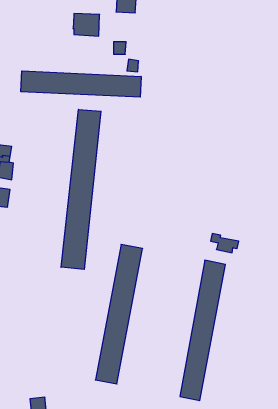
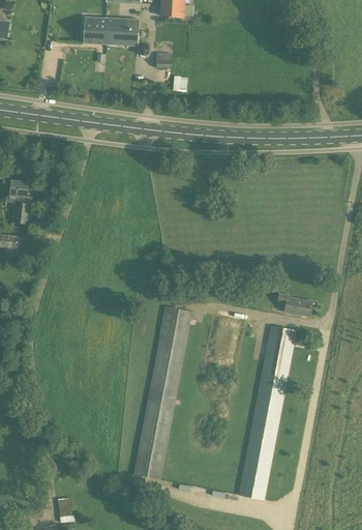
building: none -> [83,18,105,43]
building: [21,71,141,97] -> none
building: [61,109,101,269] -> none

